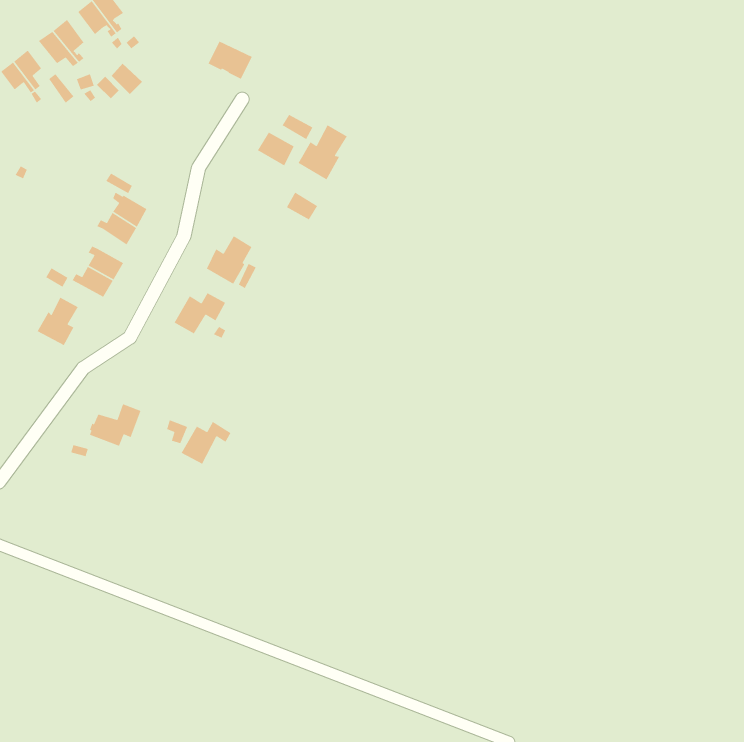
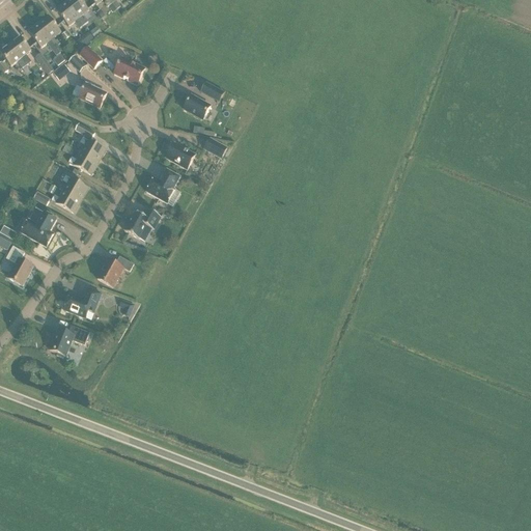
building: [208,40,253,80] -> [113,56,145,84]
building: none -> [78,82,106,107]
building: [297,124,348,181] -> none
building: none -> [165,141,195,168]
building: none -> [6,245,32,284]
building: [181,421,232,465] -> [96,255,133,286]
building: none -> [49,325,89,356]

